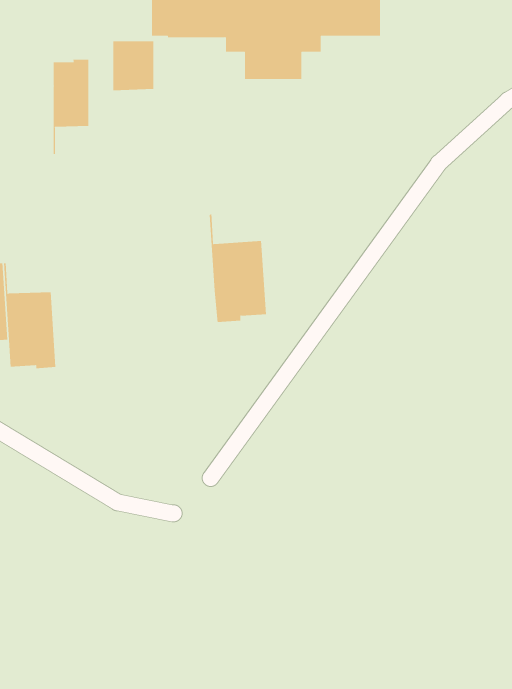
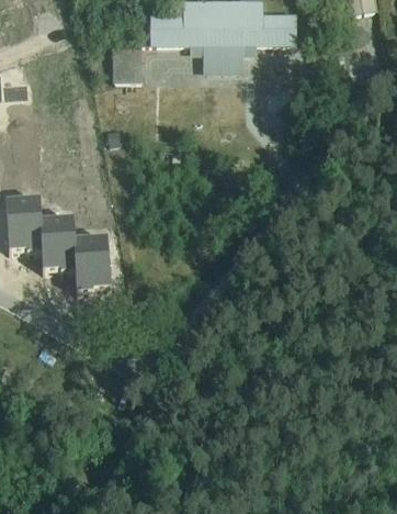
building: [53,59,89,155] -> none
building: [209,213,267,322] -> [70,216,110,291]

